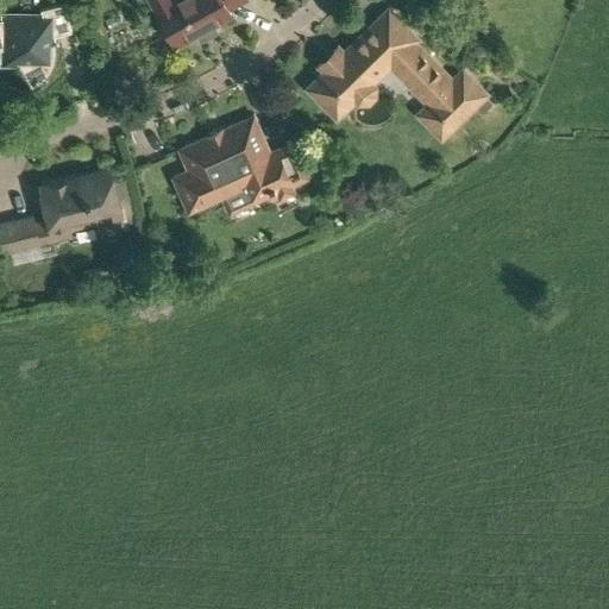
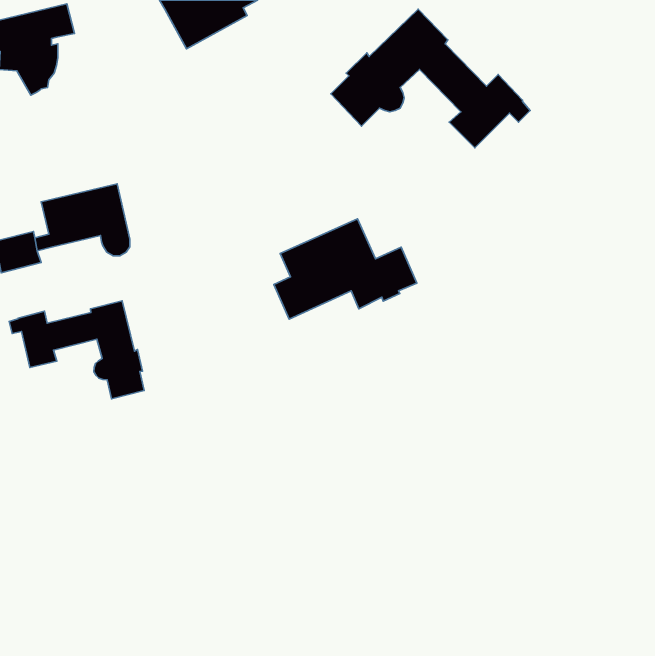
building: [172,118,304,211] -> [274,219,417,319]
building: none -> [9,301,144,399]

